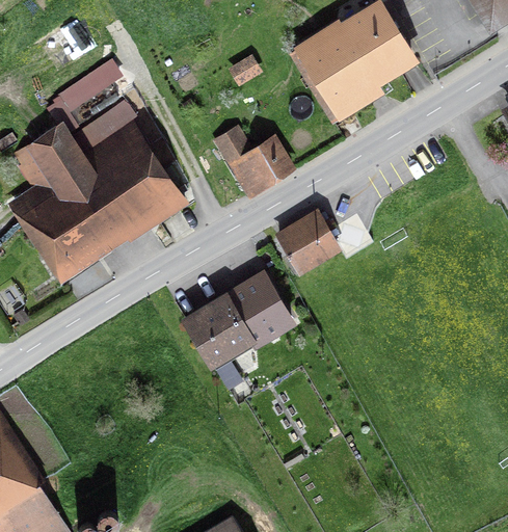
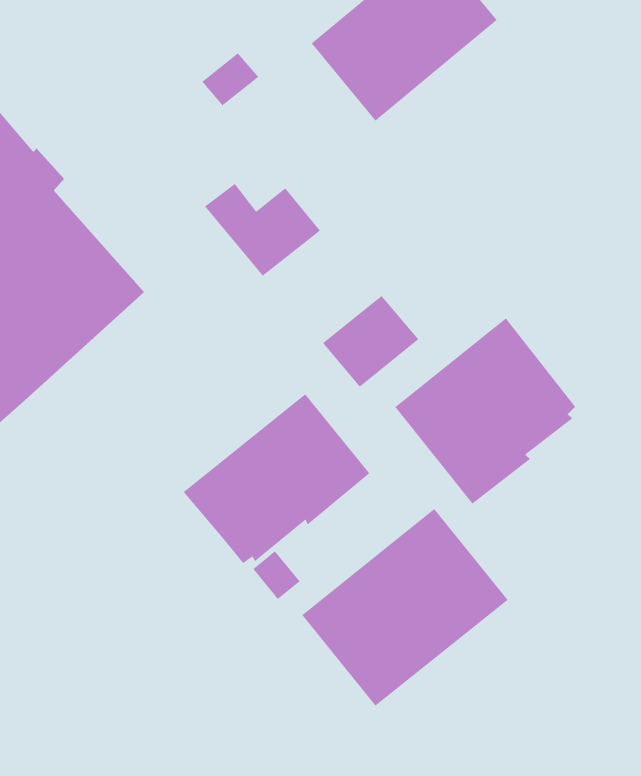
building: none -> [395,317,576,504]
building: none -> [301,508,508,707]

